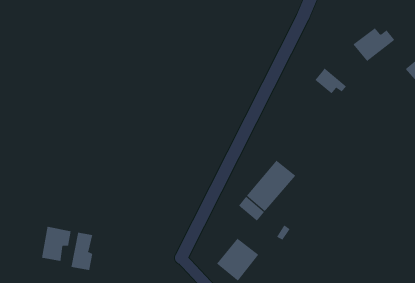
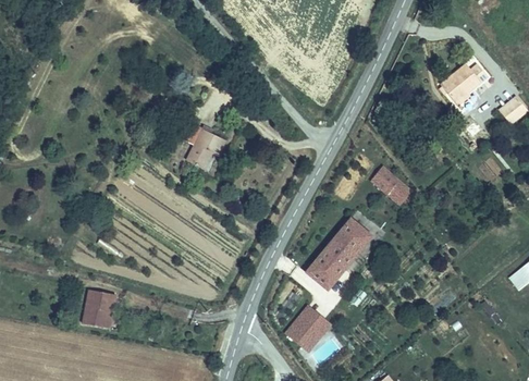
building: [315,68,347,94] -> [379,172,416,202]
building: none -> [187,127,226,170]
building: [71,232,93,271] -> none

